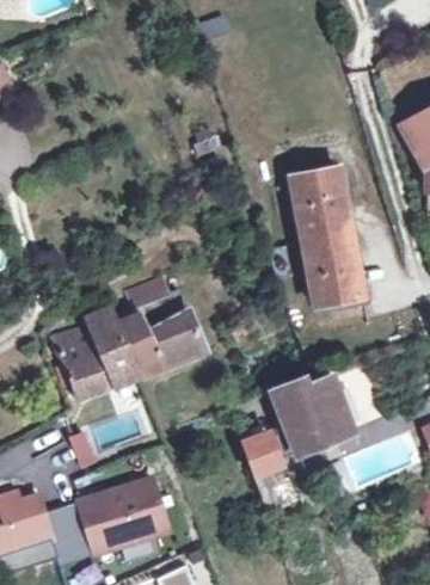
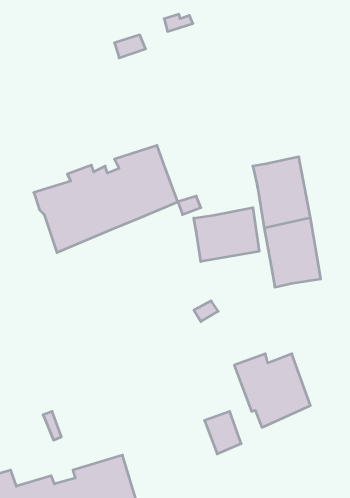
building: none -> [194,208,259,262]
building: [51,290,201,401] -> [34,145,178,253]

